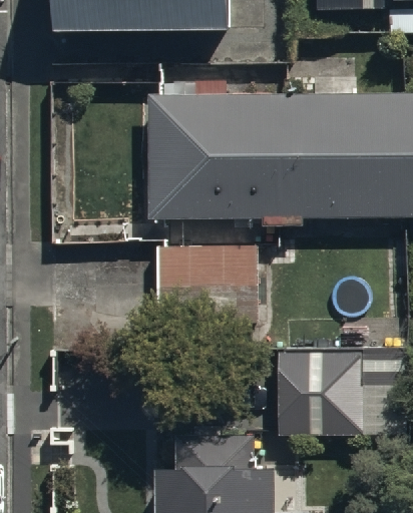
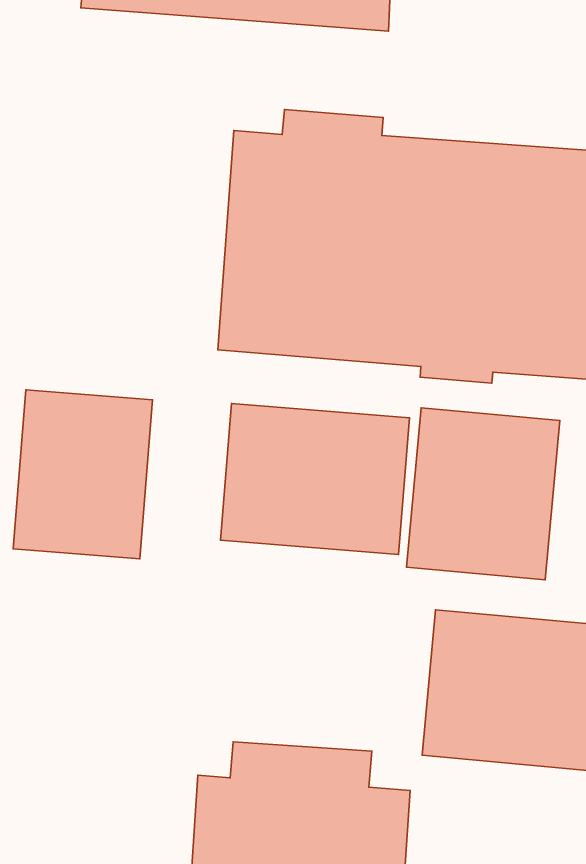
building: none -> [407,408,560,580]
building: none -> [13,390,153,559]

